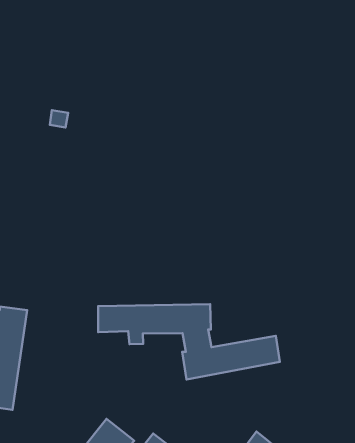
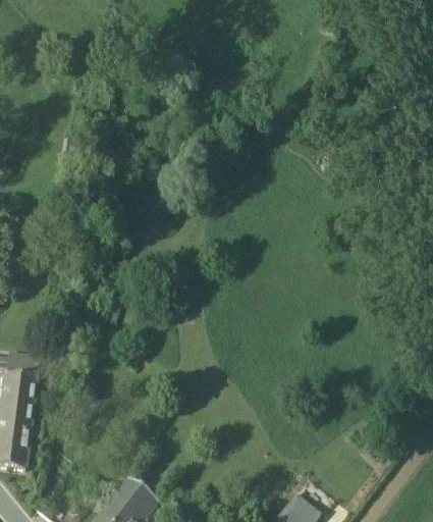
building: [98,304,280,380] -> none

